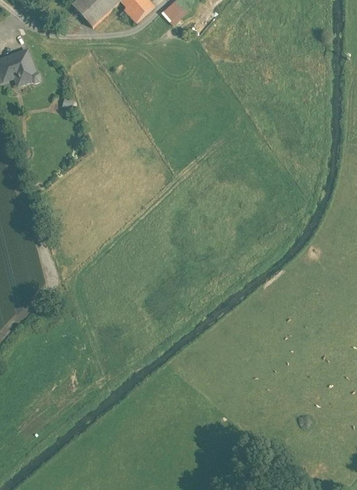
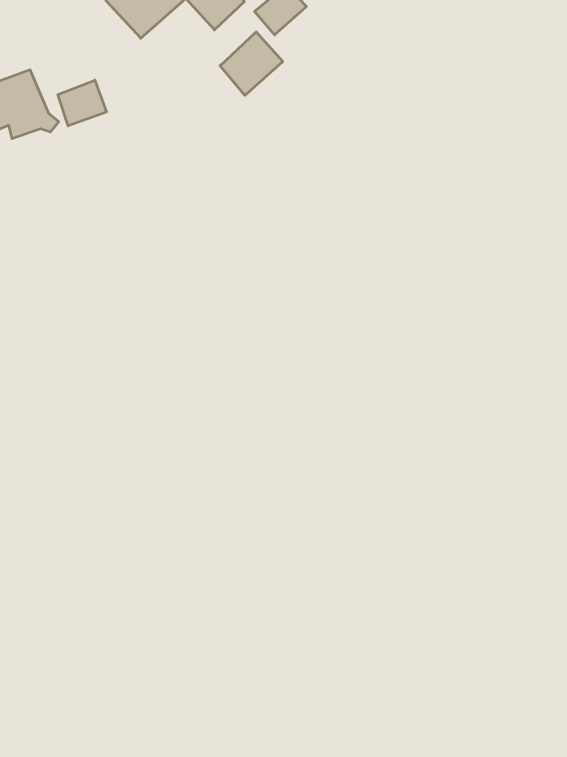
building: none -> [220,32,283,95]
building: none -> [58,80,106,126]

